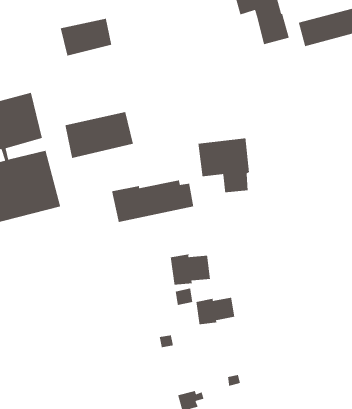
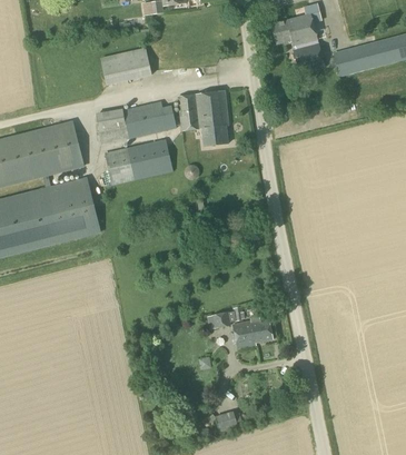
building: [197,137,250,193] -> [177,90,228,145]
building: [111,180,194,223] -> [95,101,176,144]
building: [170,253,211,285] -> none

